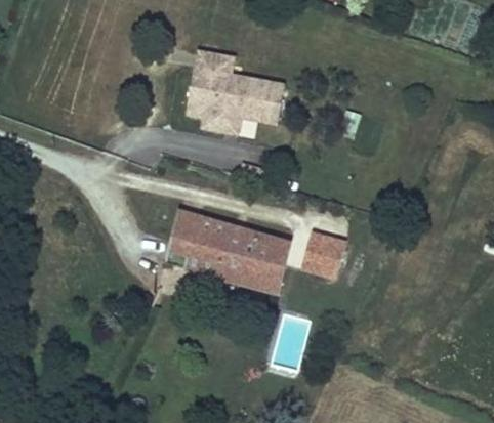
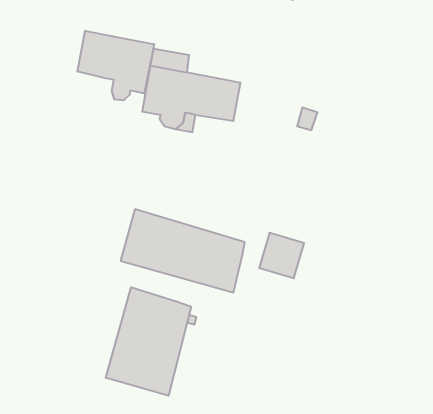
building: none -> [77,31,154,100]
building: none -> [106,287,191,396]

